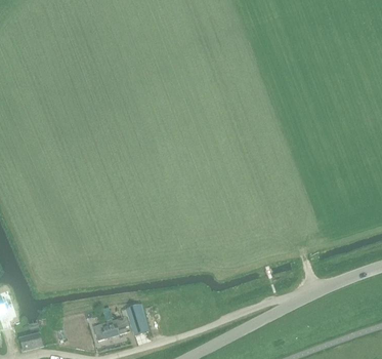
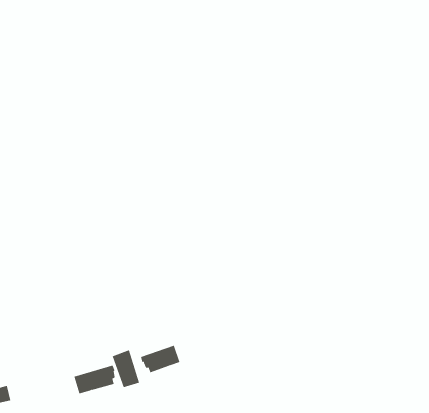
building: none -> [141,345,180,373]

